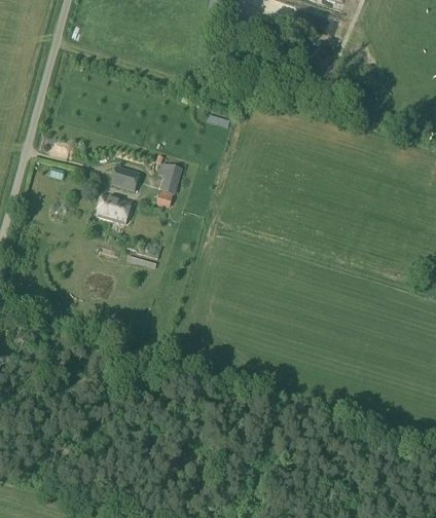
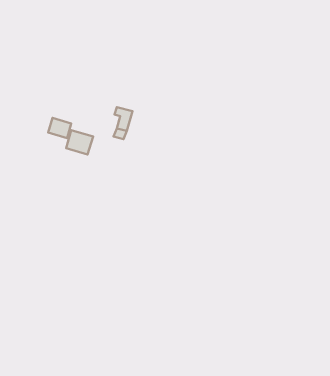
building: [111,164,140,190] -> [48,118,71,138]

